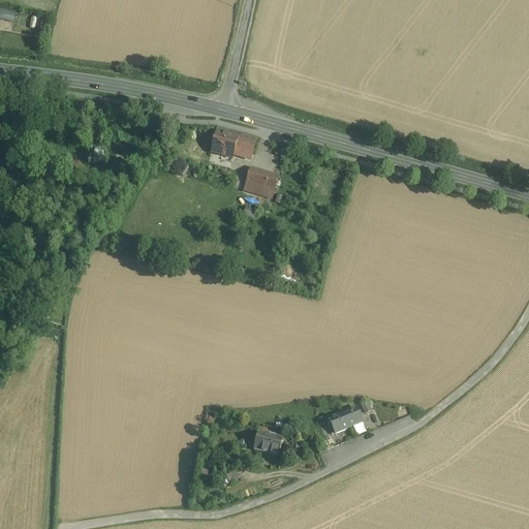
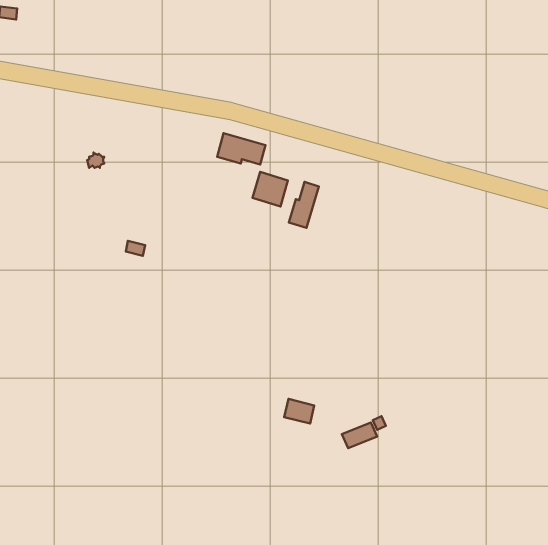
building: none -> [289,182,319,228]
building: [253,430,282,454] -> [284,399,314,424]

